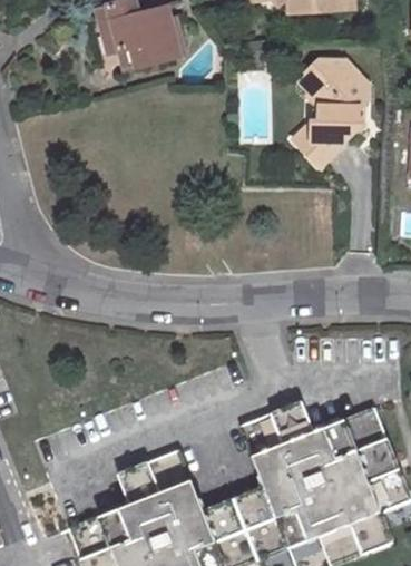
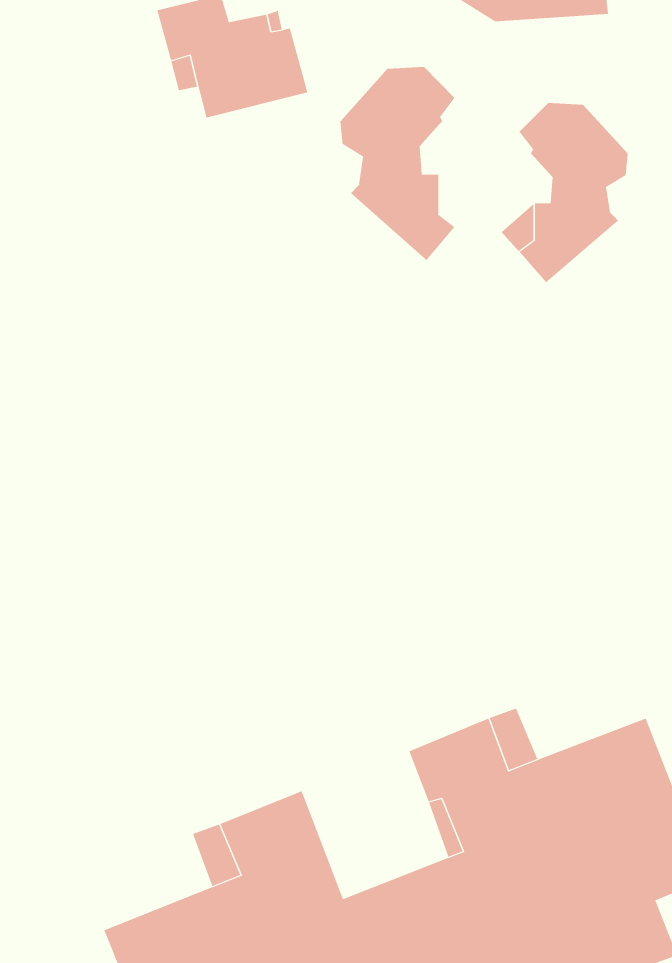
building: none -> [340,66,455,261]

